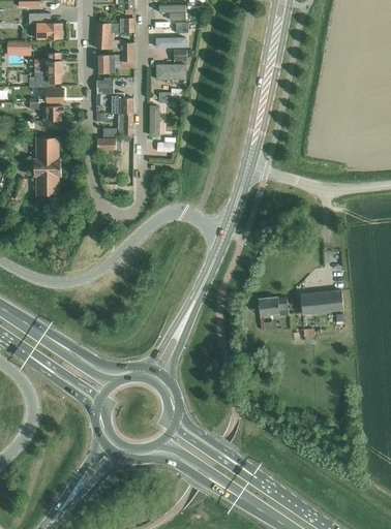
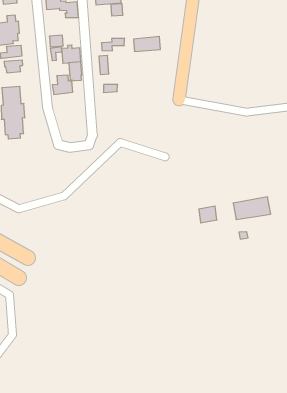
building: [98,54,133,72] -> none
building: [155,64,186,80] -> [134,36,160,51]

